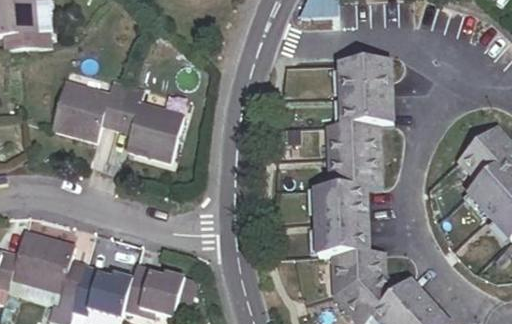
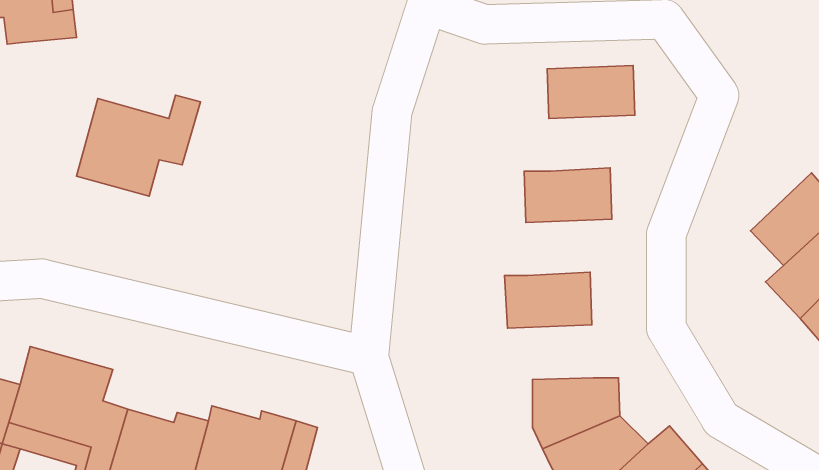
building: [117,83,184,161] -> none
building: [339,91,392,125] -> none
building: [325,154,379,188] -> none
building: [314,218,366,251] -> none

